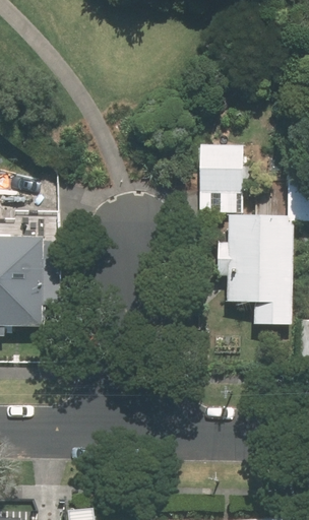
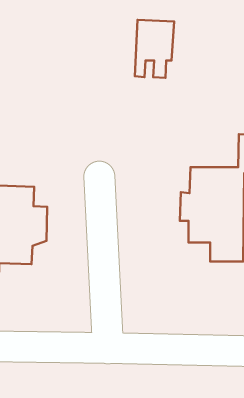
building: [196,144,242,212] -> [135,20,174,78]

